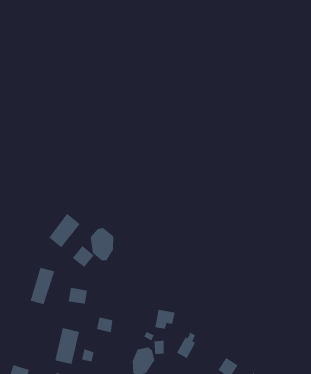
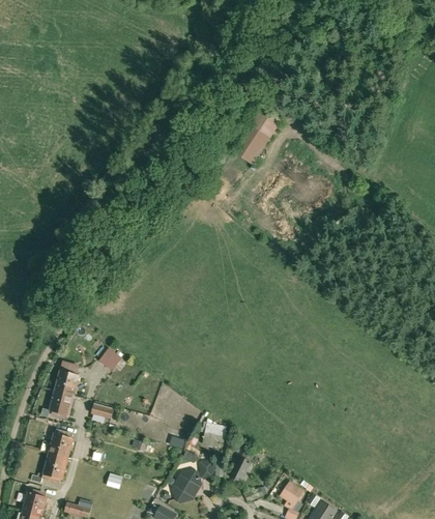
building: none -> [229,107,283,166]
building: [48,213,80,248] -> none
building: [90,227,114,261] -> none
building: [55,328,80,365] -> [41,435,73,481]

